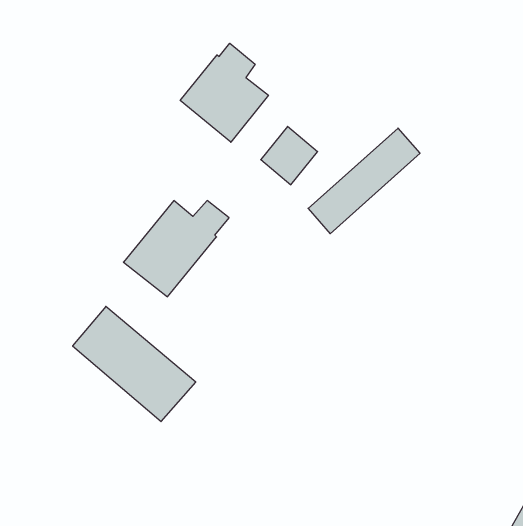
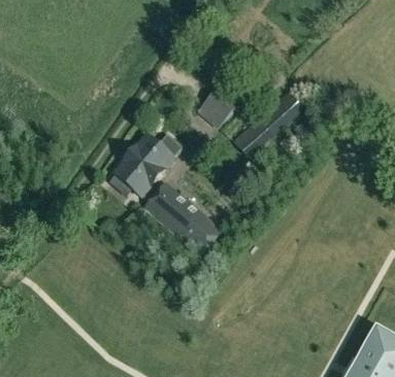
building: [180,43,268,142] -> none
building: [73,306,196,422] -> [143,181,224,256]

